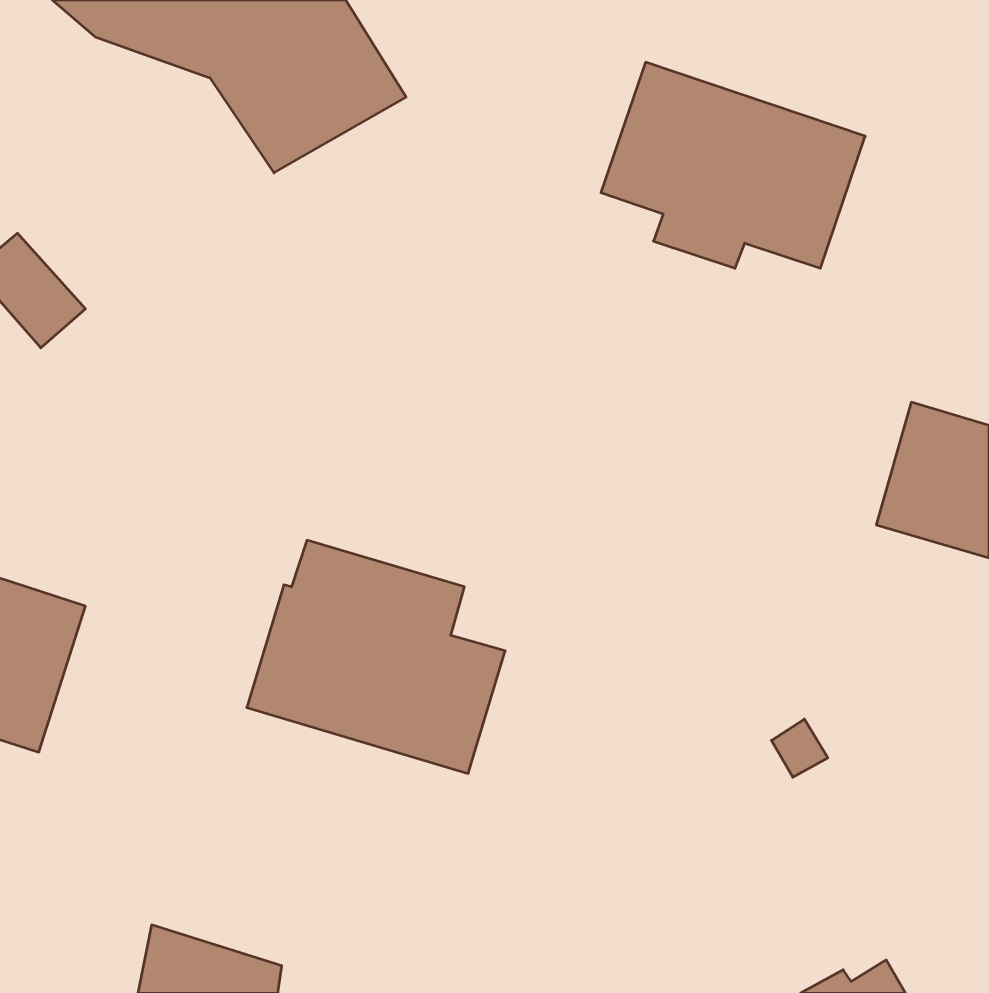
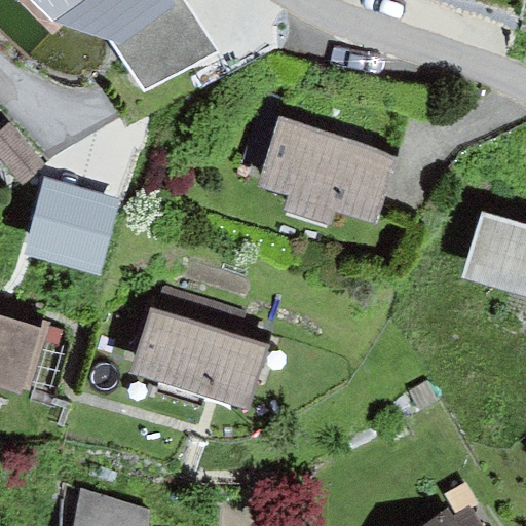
building: [601,62,865,268] -> [257,117,397,226]
building: none -> [25,182,119,276]

